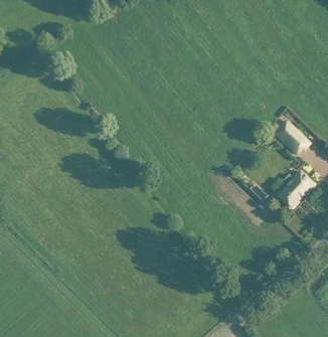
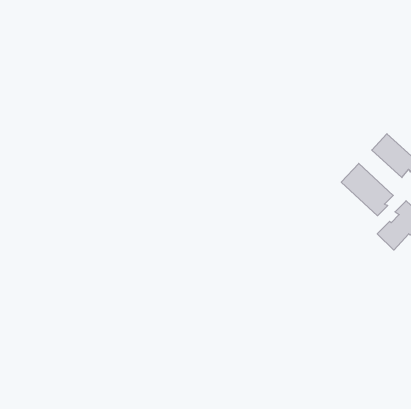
building: none -> [341,163,393,216]

